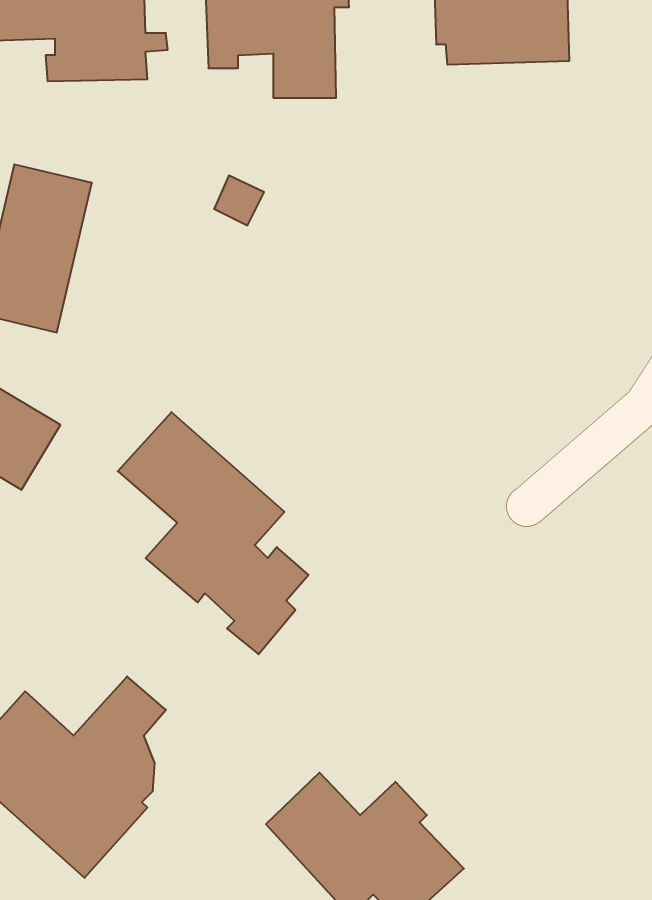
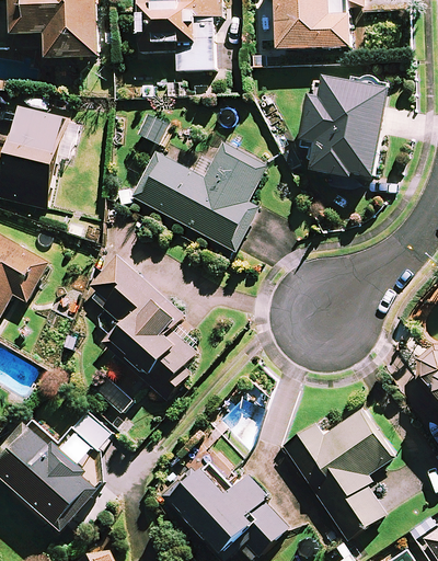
building: none -> [299,77,389,178]
building: none -> [129,145,263,251]
building: none -> [281,409,390,539]

